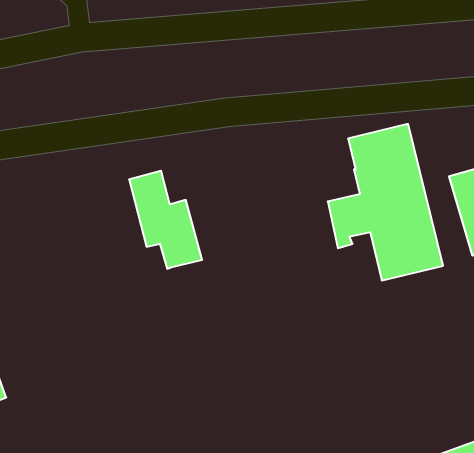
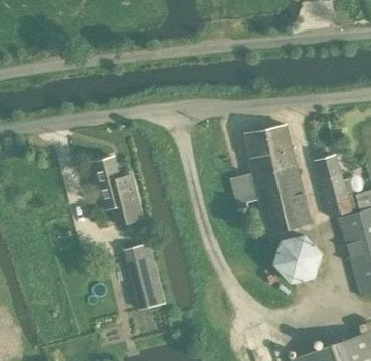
building: none -> [271,234,322,283]
building: none -> [124,243,165,308]

